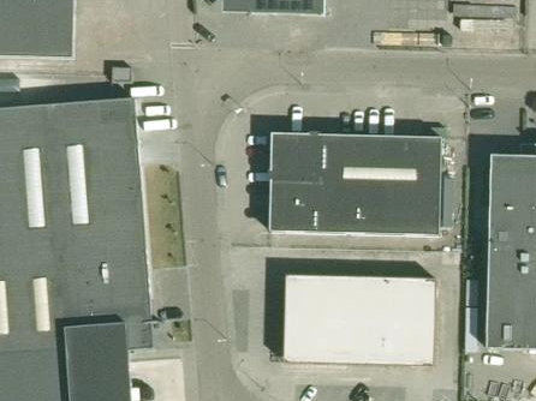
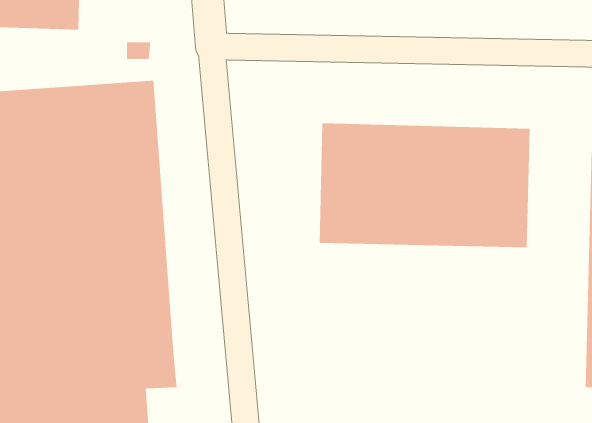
building: [284,274,435,365] -> none

